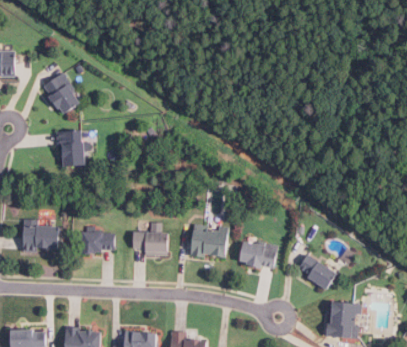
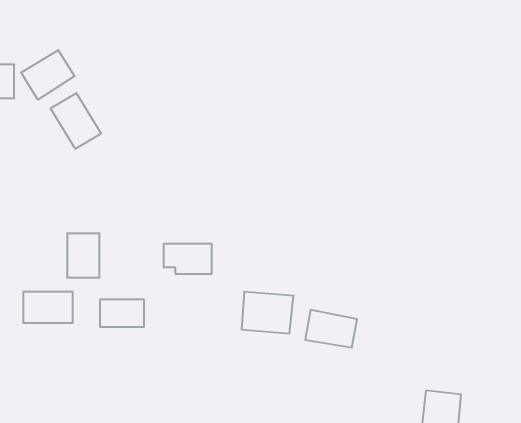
building: none -> [21,50,75,100]
building: [58,131,83,165] -> [67,233,100,278]
building: [132,231,169,254] -> [164,244,212,274]
building: [295,253,337,287] -> none

